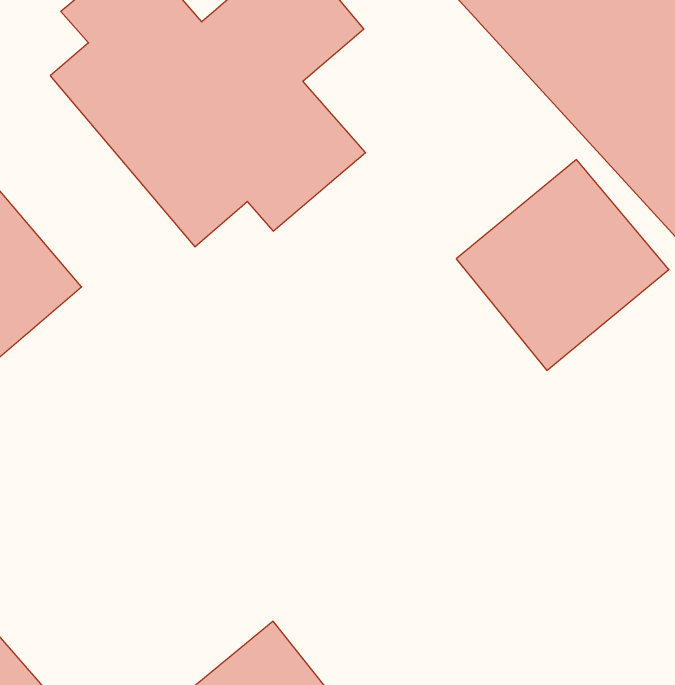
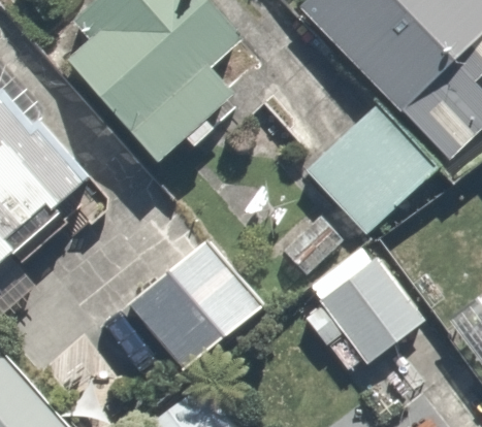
building: none -> [103,247,254,371]
building: none -> [307,247,420,365]

